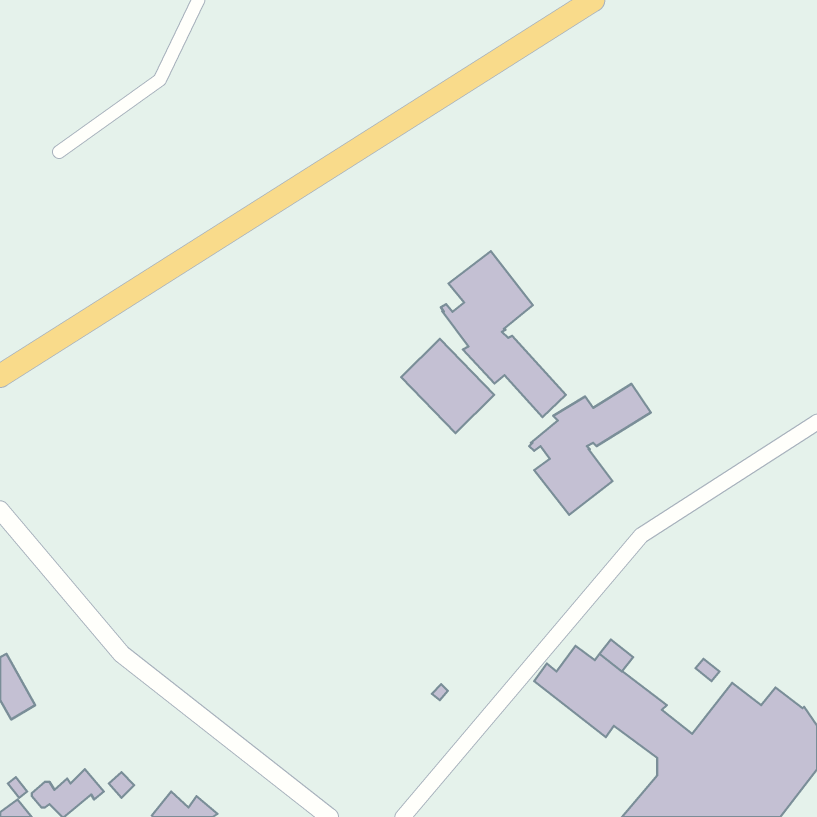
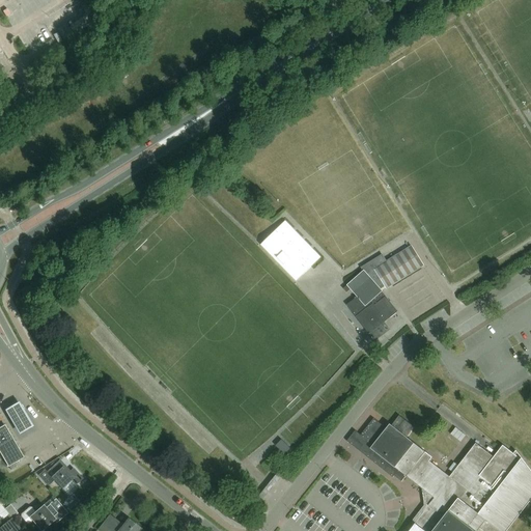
building: [441,251,566,417] -> none
building: none -> [5,398,34,431]
building: none -> [38,459,83,490]

